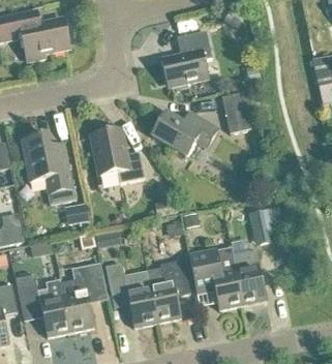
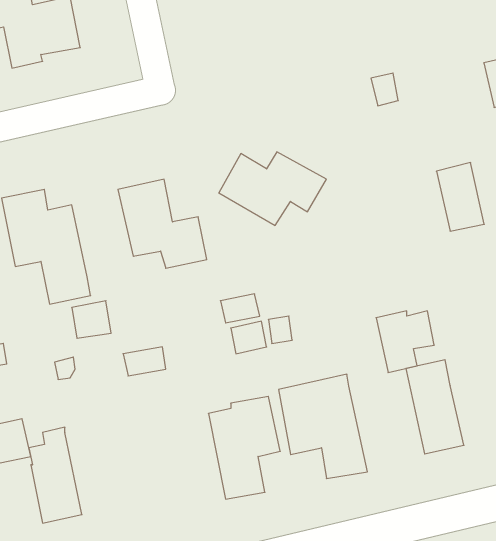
building: [164,31,212,85] -> none
building: [221,91,250,132] -> [436,163,484,231]
building: [232,248,267,305] -> [406,360,464,454]
building: [60,262,108,331] -> none
building: [105,262,157,327] -> none

